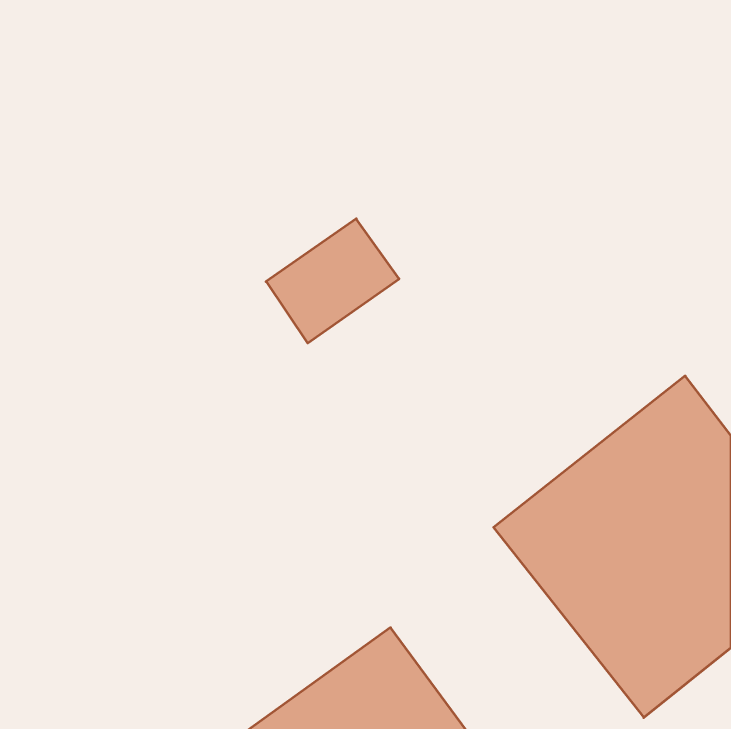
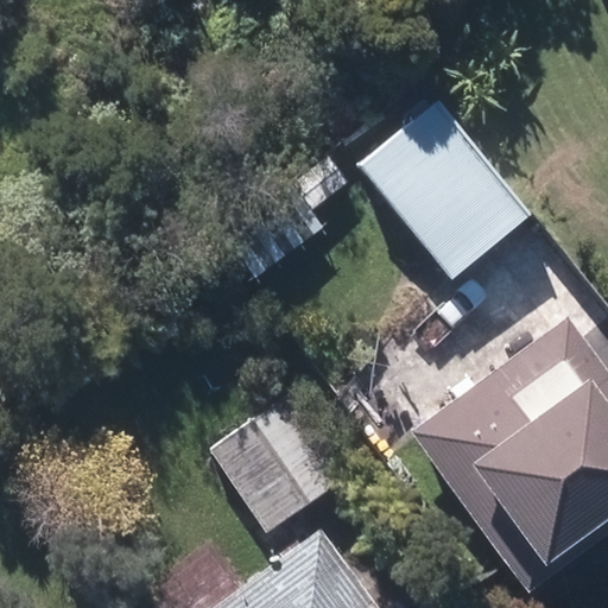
building: none -> [357,100,537,284]
building: none -> [203,385,352,533]

